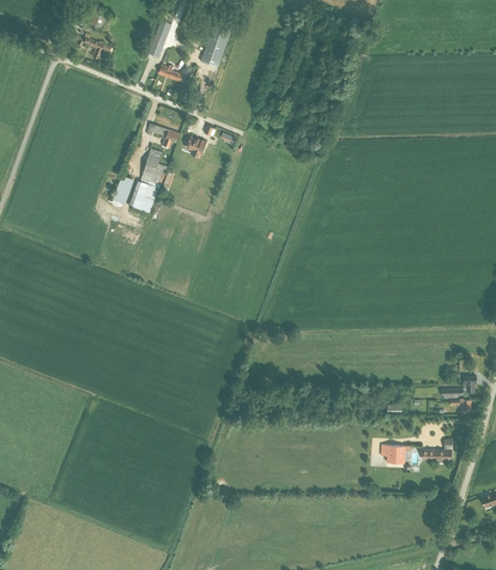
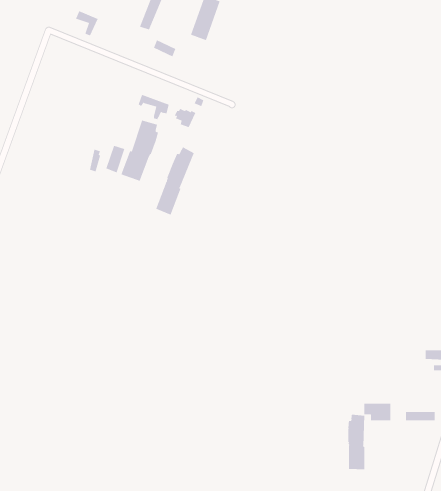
building: none -> [156,147,195,216]
building: none -> [347,414,365,470]

